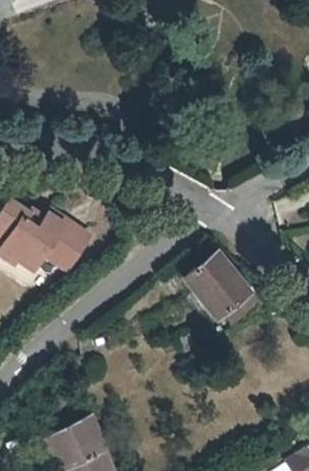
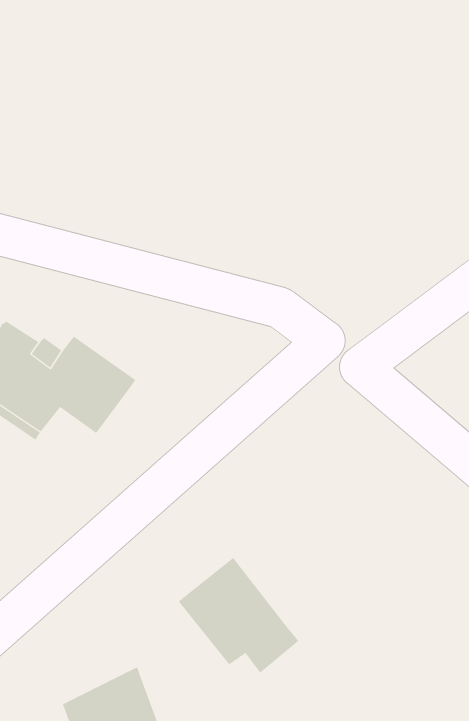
building: [183,251,258,322] -> [178,557,299,673]

